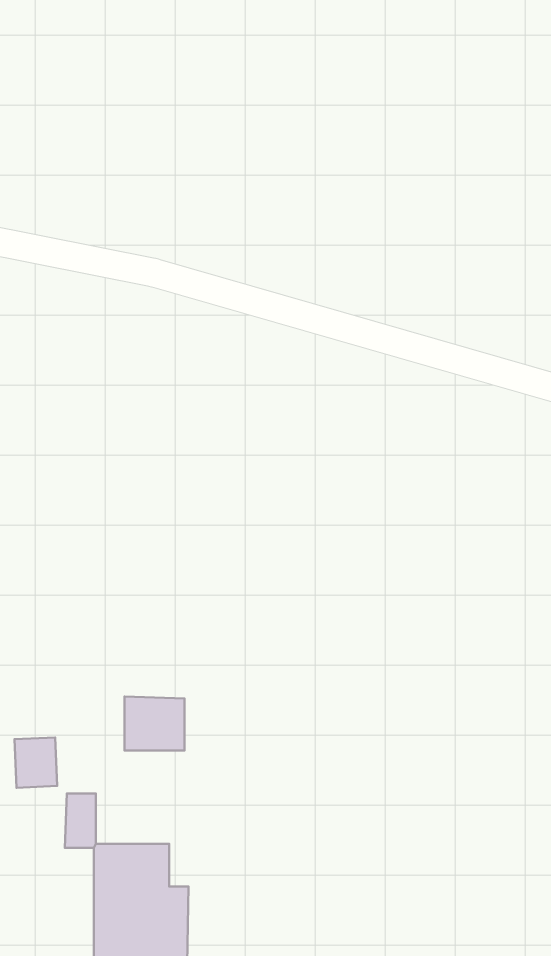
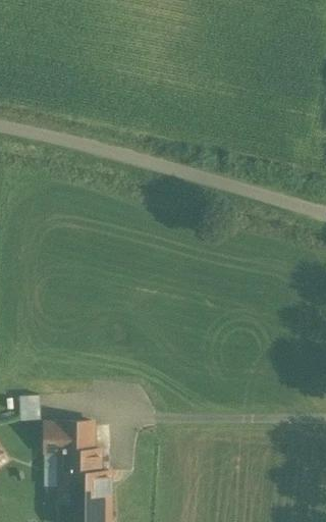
building: [125,696,185,751] -> [59,423,91,452]

